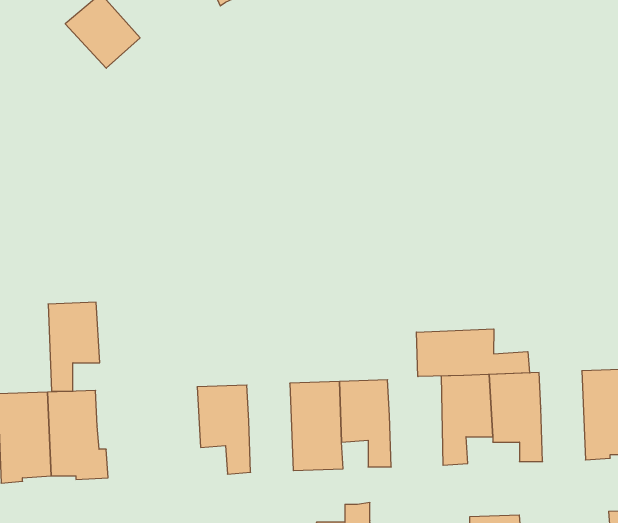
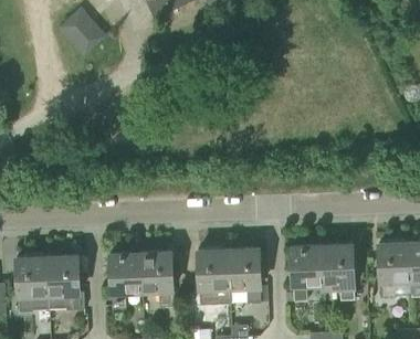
building: [48,302,100,391] -> [111,252,143,307]
building: [416,329,530,377] -> none

